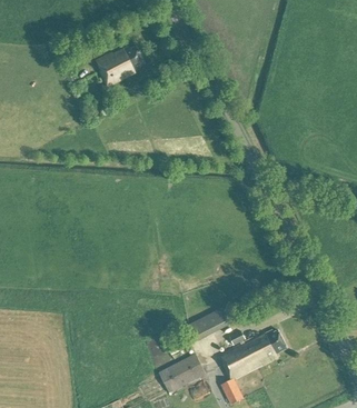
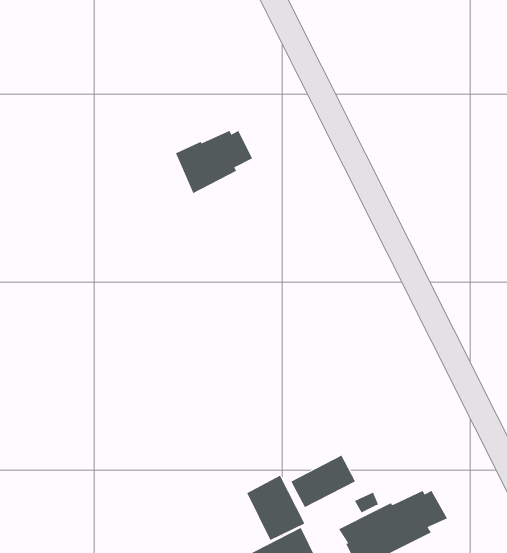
building: [95,47,143,87] -> [175,130,253,194]
building: none -> [246,475,305,541]

